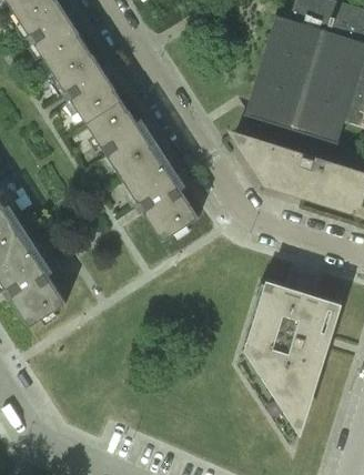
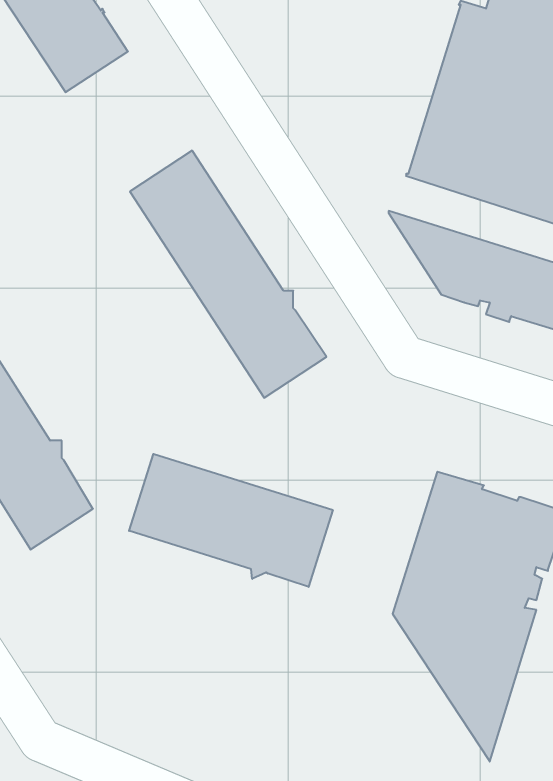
building: [51,43,123,123] -> none
building: none -> [129,454,333,587]

